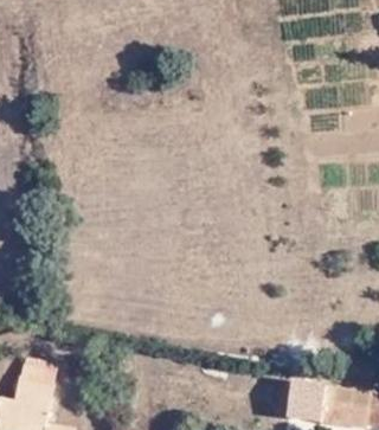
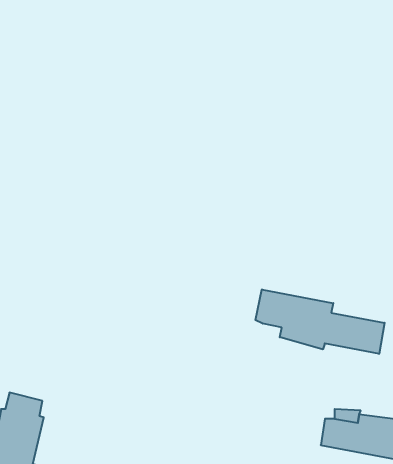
building: none -> [255,289,385,354]

